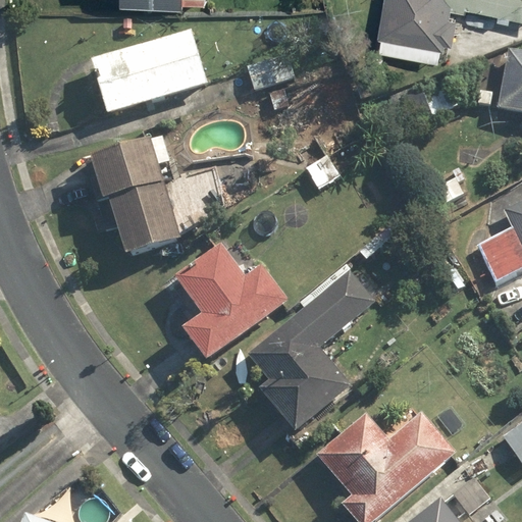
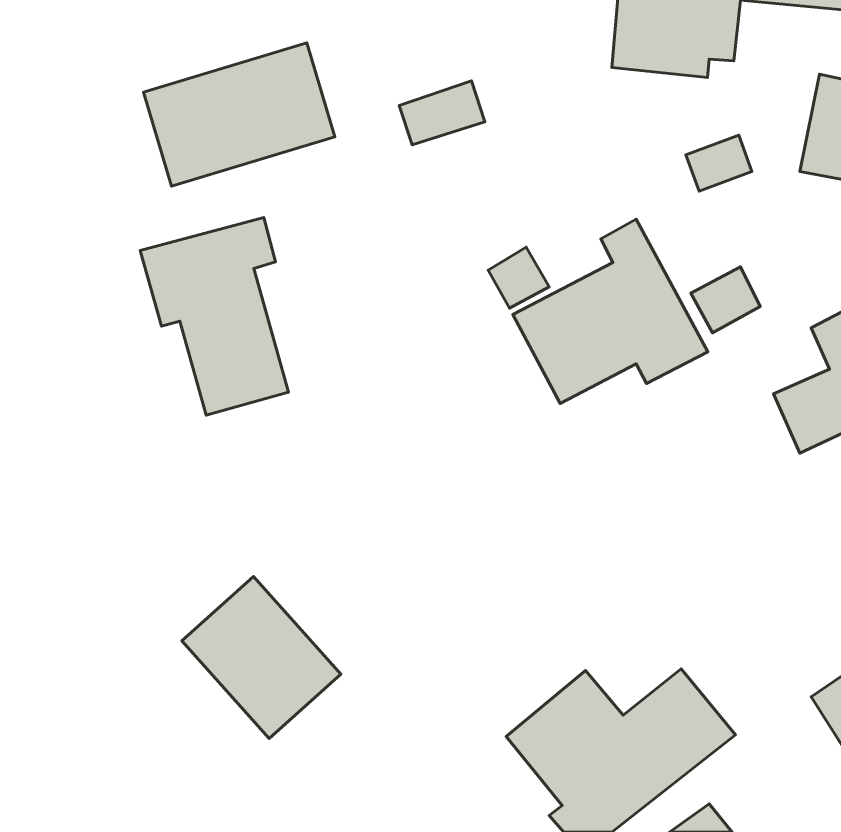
building: none -> [513,219,708,403]
building: [170,242,290,362] -> none
building: [236,257,396,434] -> none
building: none -> [182,576,341,738]

